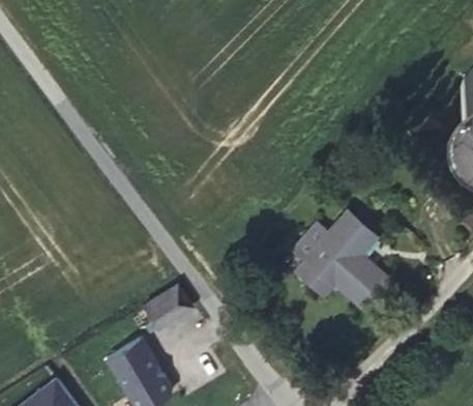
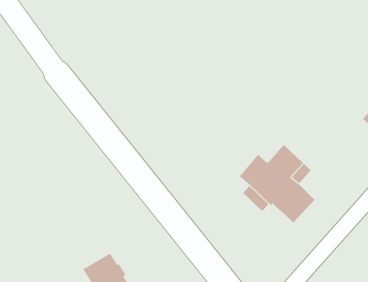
building: [144,287,194,331] -> none

